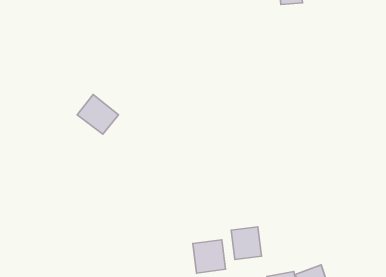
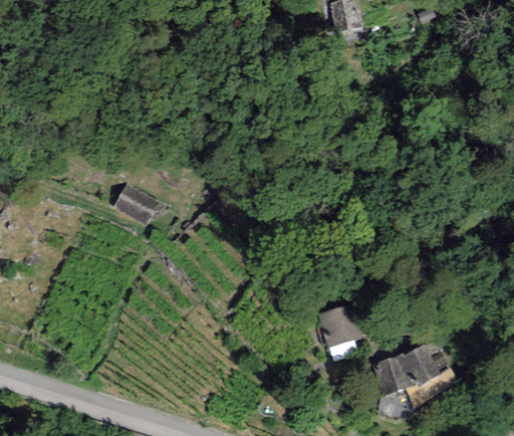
building: [193,240,226,273] -> none

